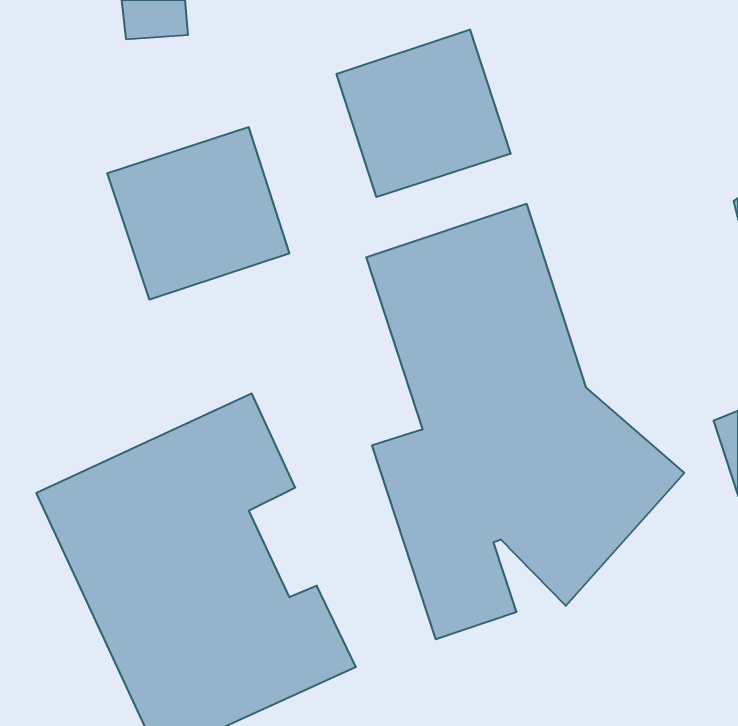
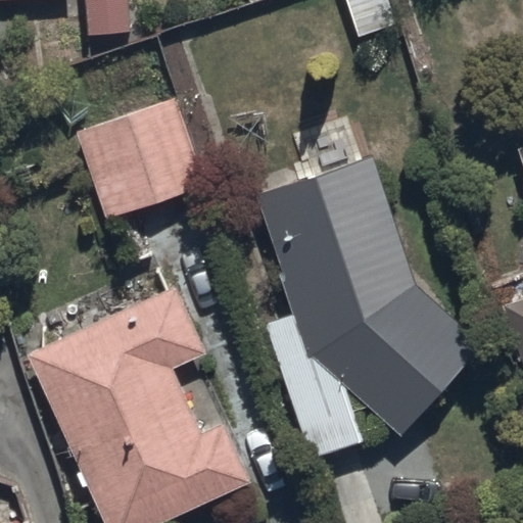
building: [337,29,511,197] -> none

